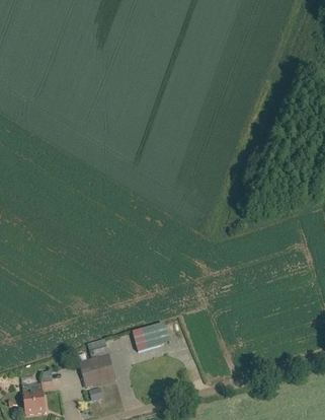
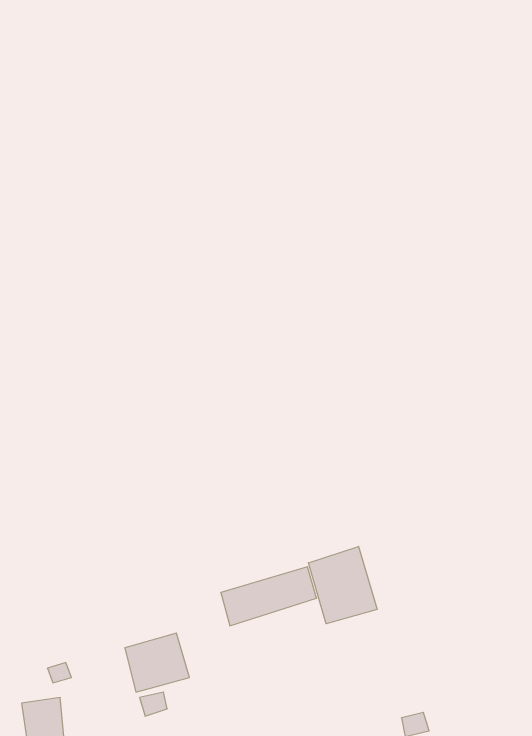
building: none -> [308,546,377,624]

